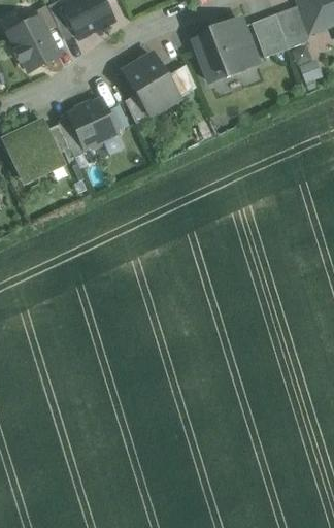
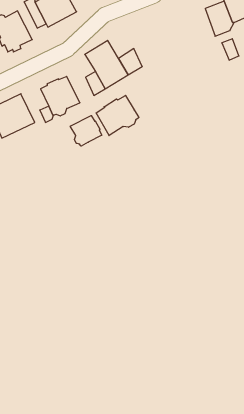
building: [252,14,289,59] -> none
building: [195,19,258,82] -> none
building: none -> [96,95,139,136]
building: none -> [70,116,102,146]

